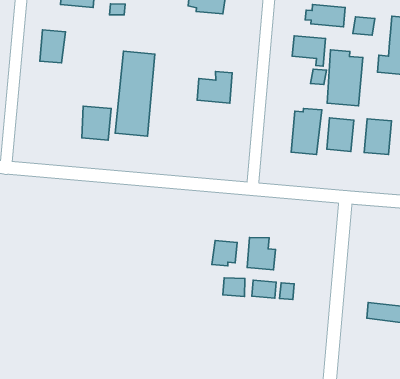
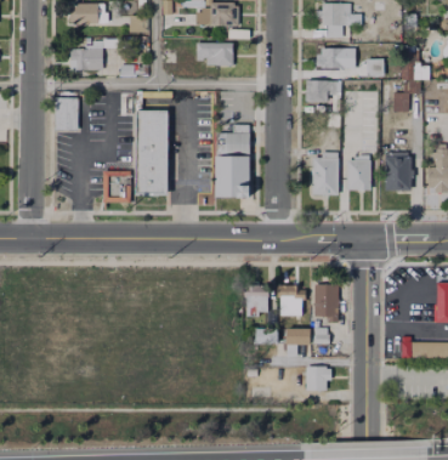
building: none -> [214,157,248,198]
building: none -> [314,284,338,323]
building: none -> [306,367,331,392]

